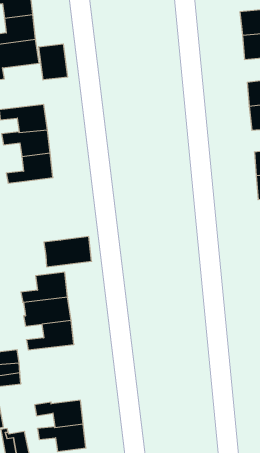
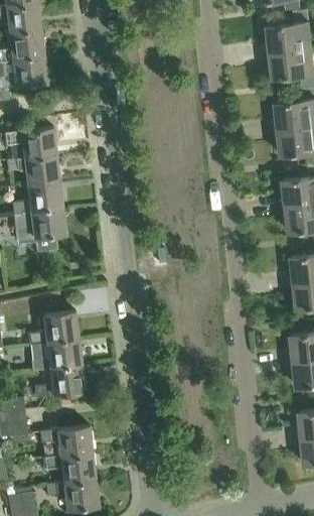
building: [39,44,68,80] -> none
building: [44,237,92,267] -> [13,208,65,241]
building: none -> [39,424,93,457]

